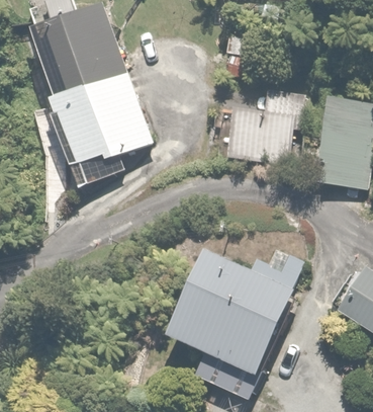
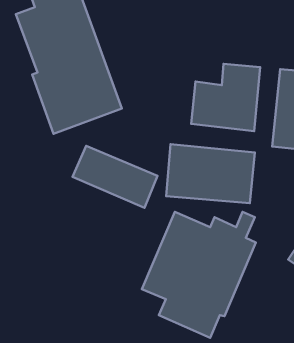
building: none -> [166,144,255,203]
building: none -> [73,146,158,208]

